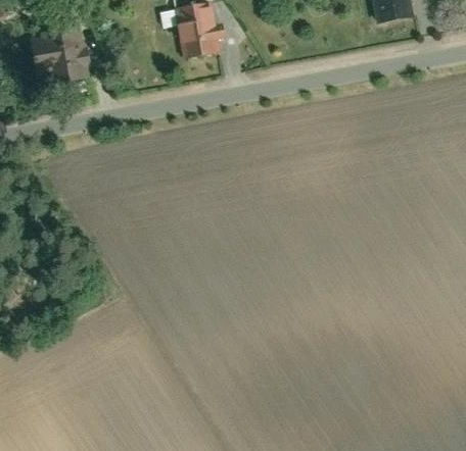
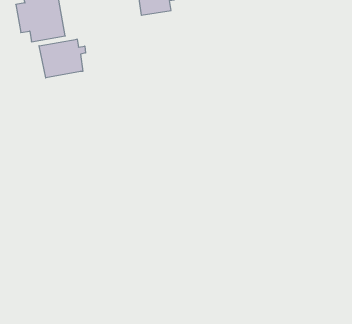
building: none -> [39,39,86,78]

